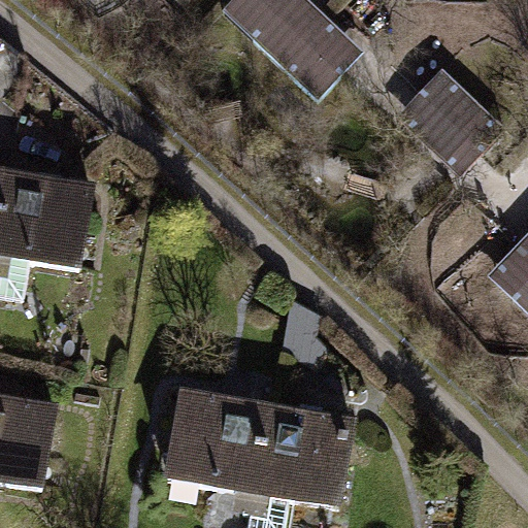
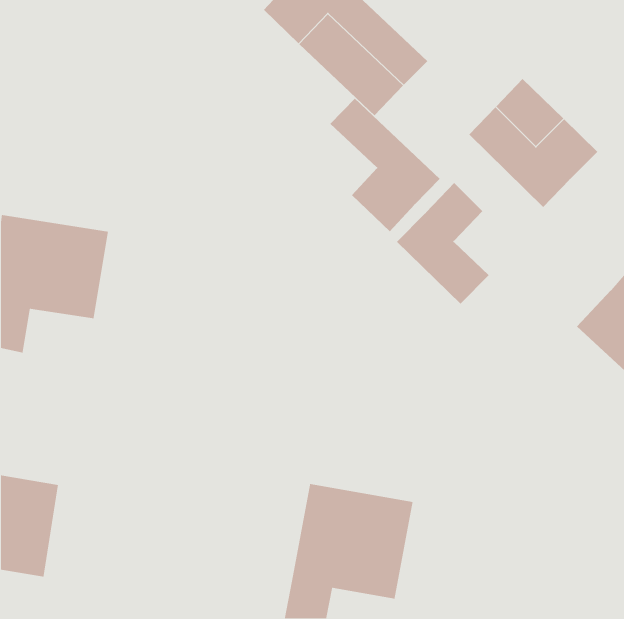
building: none -> [329,98,441,232]
building: none -> [396,182,490,304]
building: [161,392,262,490] -> none

